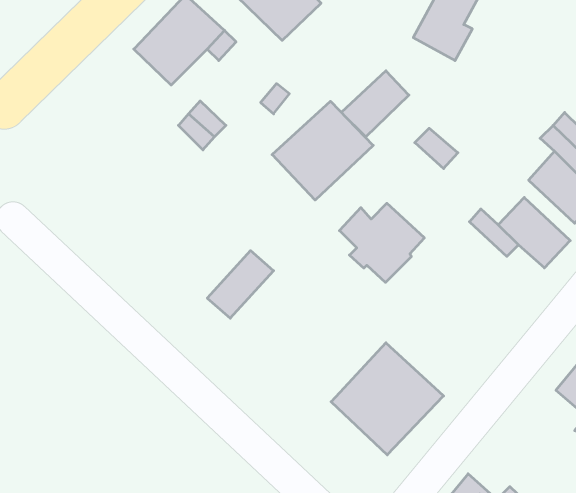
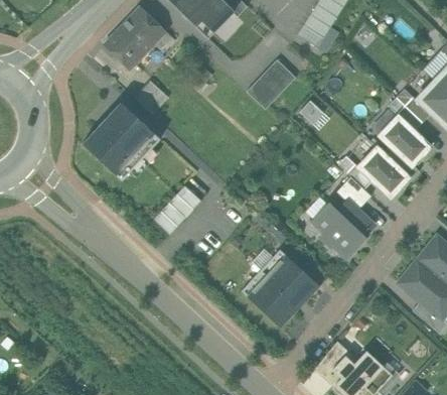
building: [272,101,373,200] -> none
building: none -> [82,101,160,179]
building: [339,203,424,282] -> [313,201,372,256]

